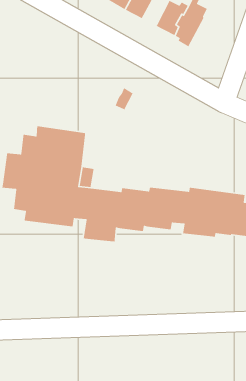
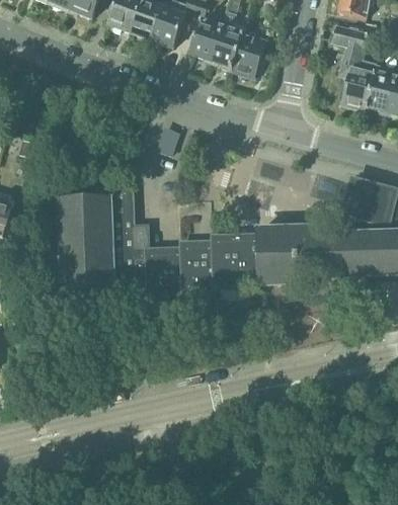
building: none -> [230,32,264,76]

